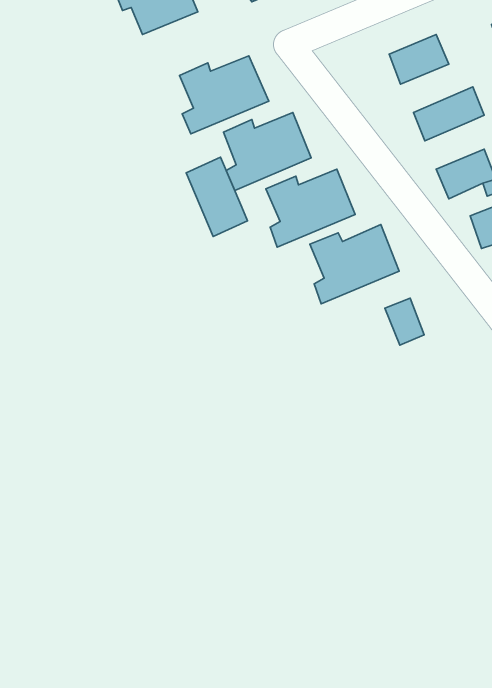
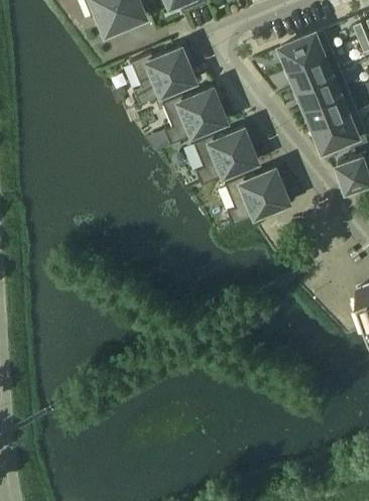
building: none -> [289,51,341,90]
building: none -> [306,96,349,130]
building: [186,157,248,236] -> none
building: [385,298,424,345] -> none

